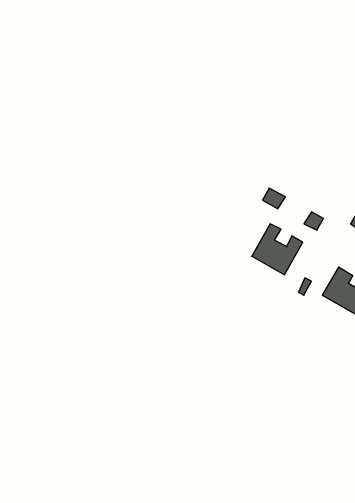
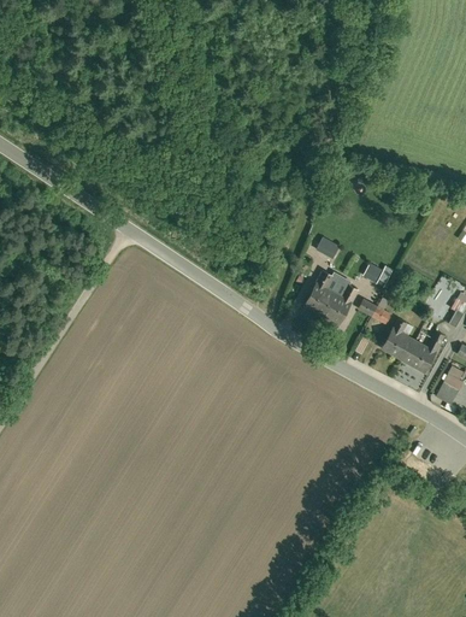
building: none -> [356,293,391,321]

